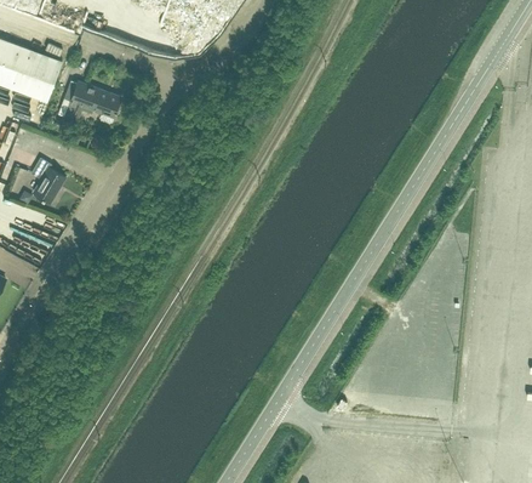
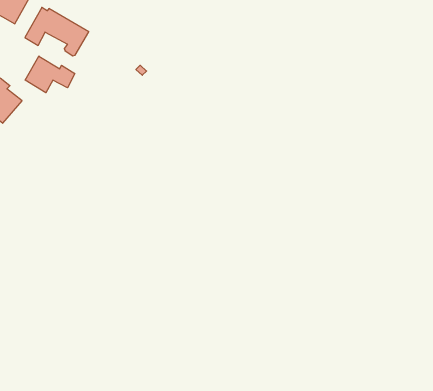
building: none -> [25,56,75,93]

